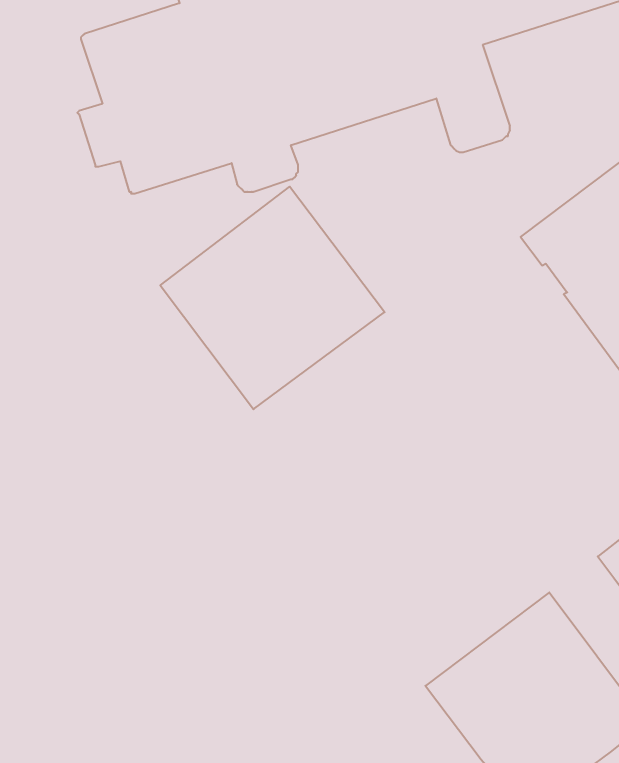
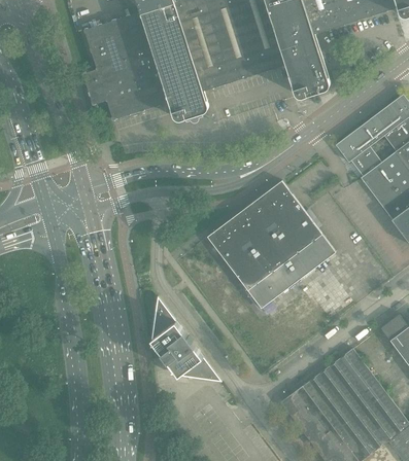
building: [160,187,385,409] -> [208,180,337,308]
building: none -> [151,296,224,381]

